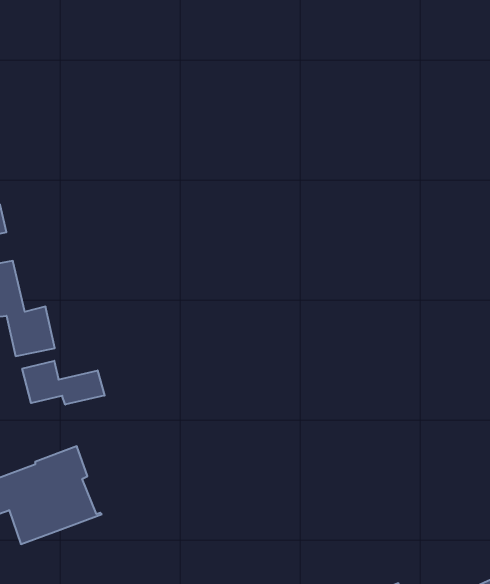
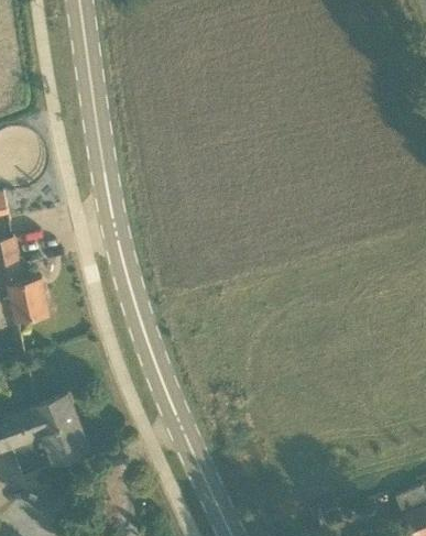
building: [22,361,105,405] -> none

